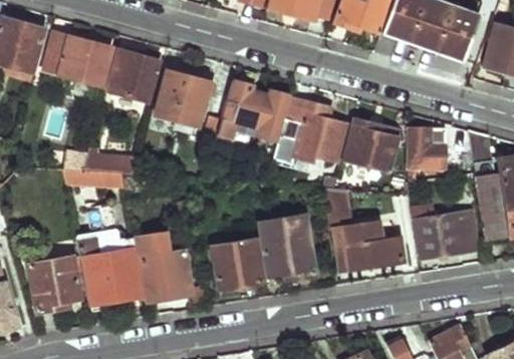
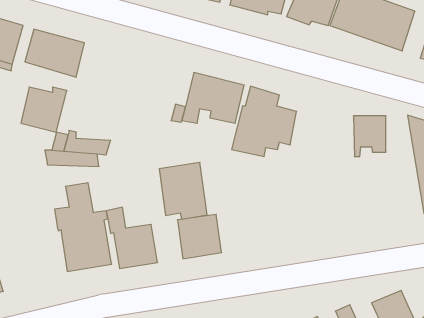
building: [109,51,161,101] -> [21,87,67,132]
building: [156,70,212,125] -> none
building: [346,119,400,171] -> none
building: [326,187,403,270] -> none
building: [414,205,478,257] -> none
building: [261,216,314,279] -> [159,162,207,219]
building: [31,255,87,309] -> none

